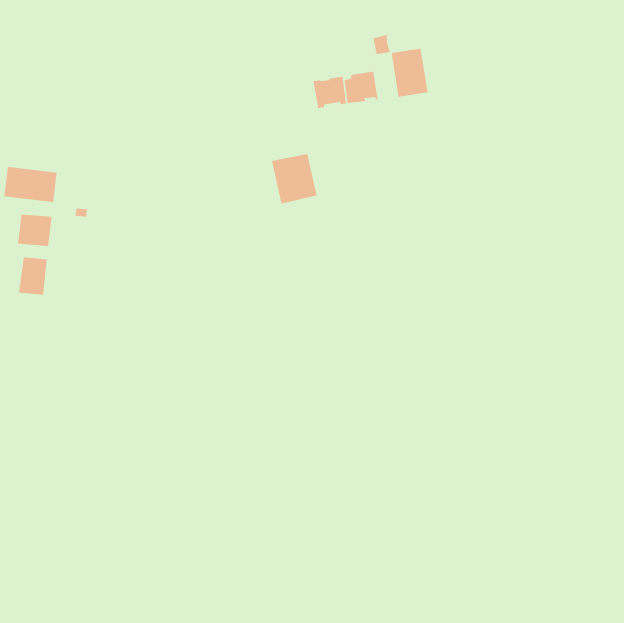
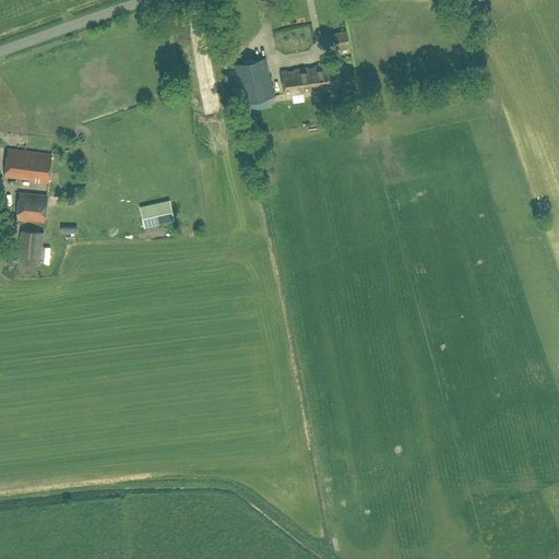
building: [391,48,428,97] -> none
building: [271,153,317,204] -> [233,59,274,105]
building: none -> [140,200,173,226]

